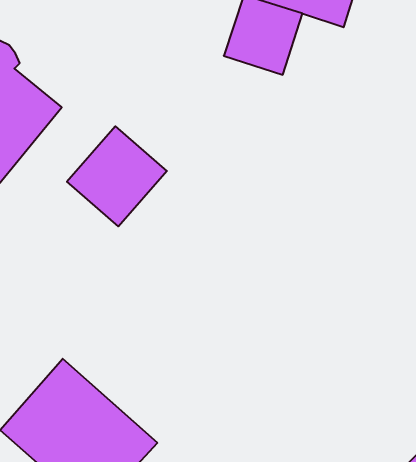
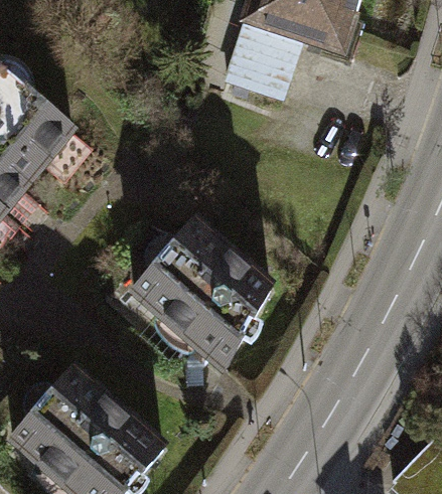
building: [67,126,167,226] -> none
building: none -> [132,223,270,370]

